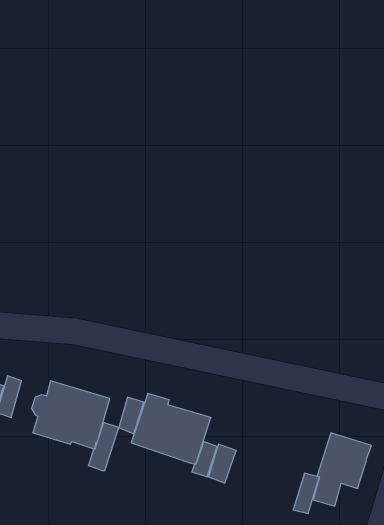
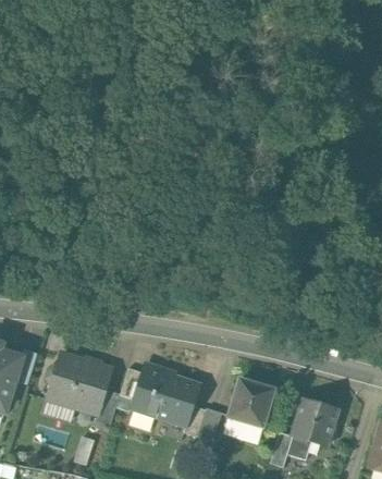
building: none -> [227,379,273,426]

